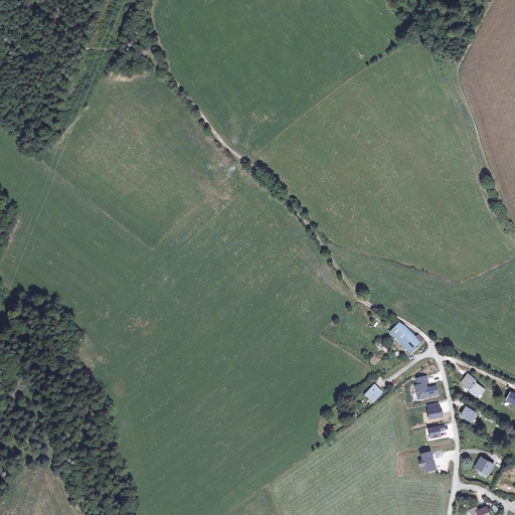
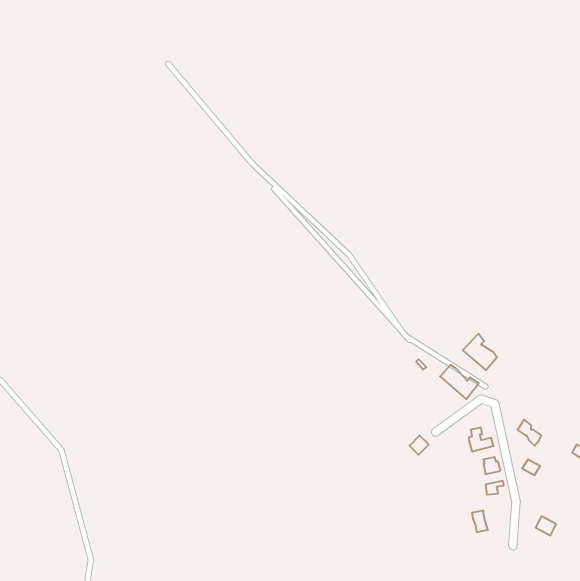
building: none -> [463,334,497,370]

